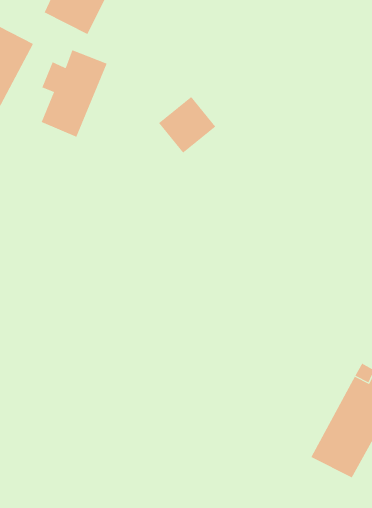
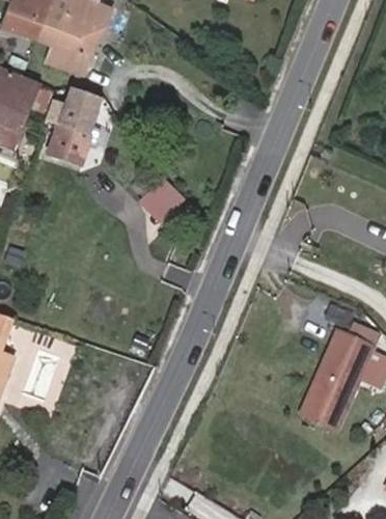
building: [158,96,216,154] -> [139,173,188,222]

